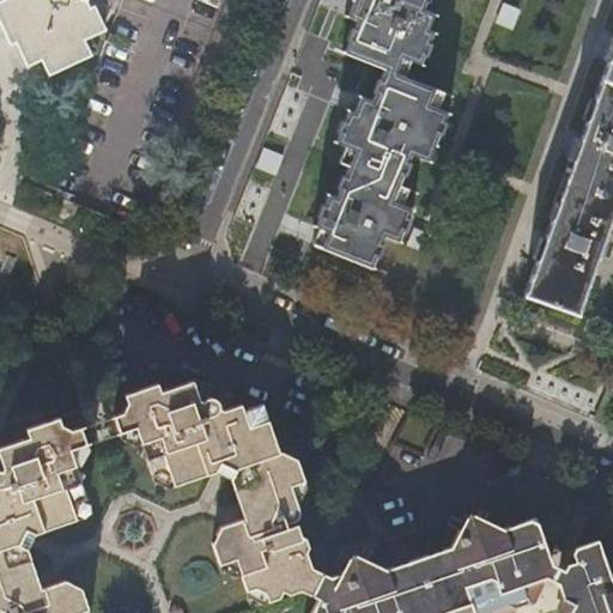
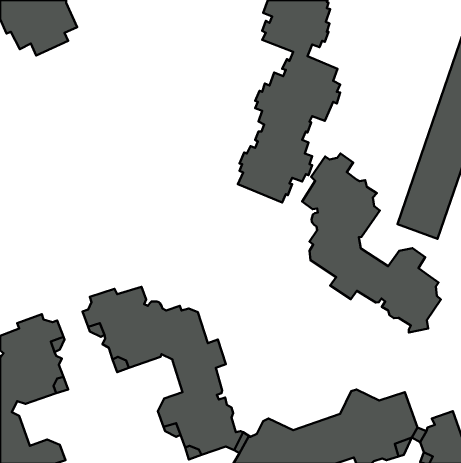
building: none -> [302,153,441,332]

